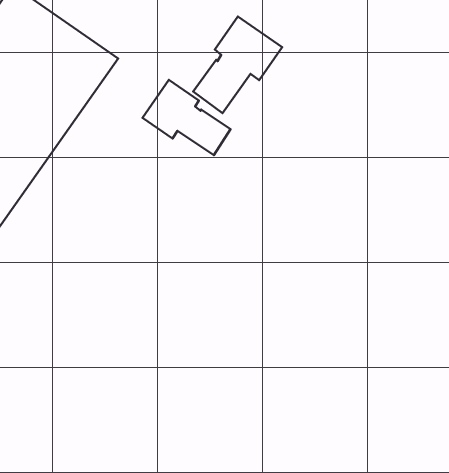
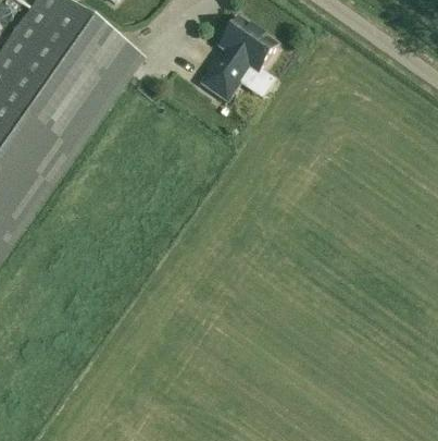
building: [142,80,231,155] -> none

